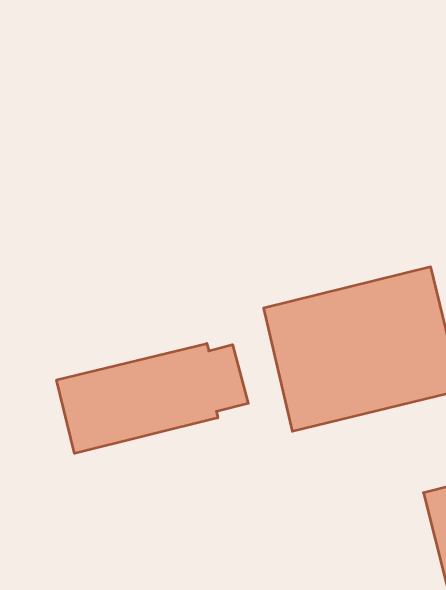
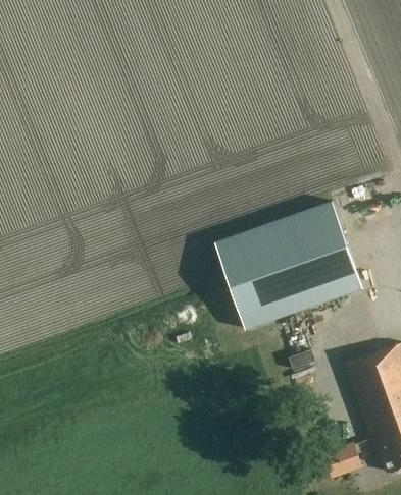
building: [57,343,248,453] -> none

